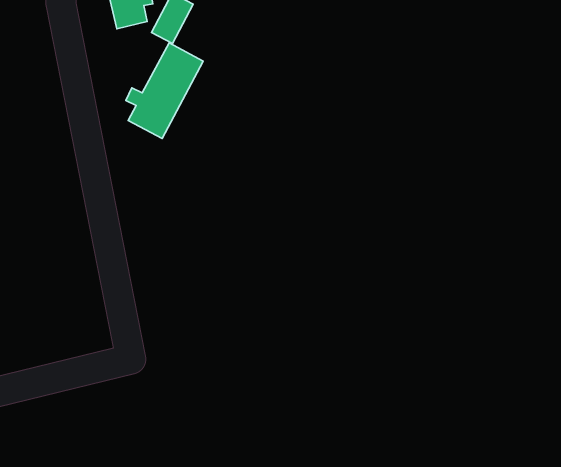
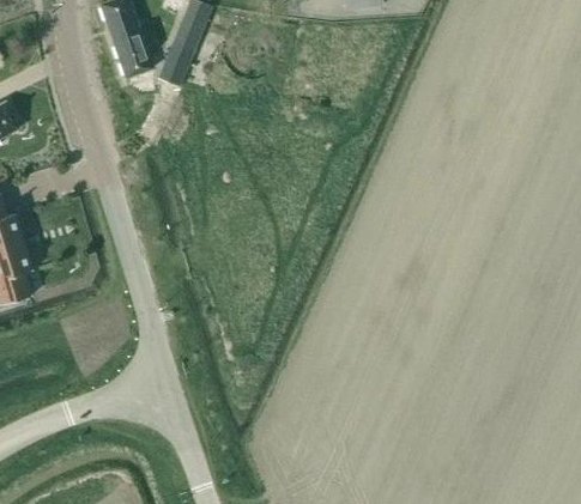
building: [126,43,203,139] -> none

